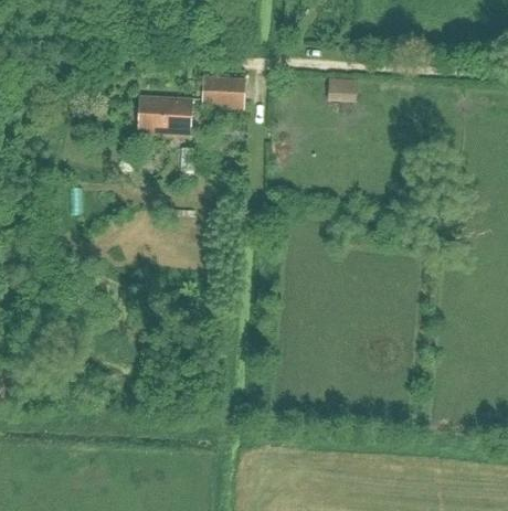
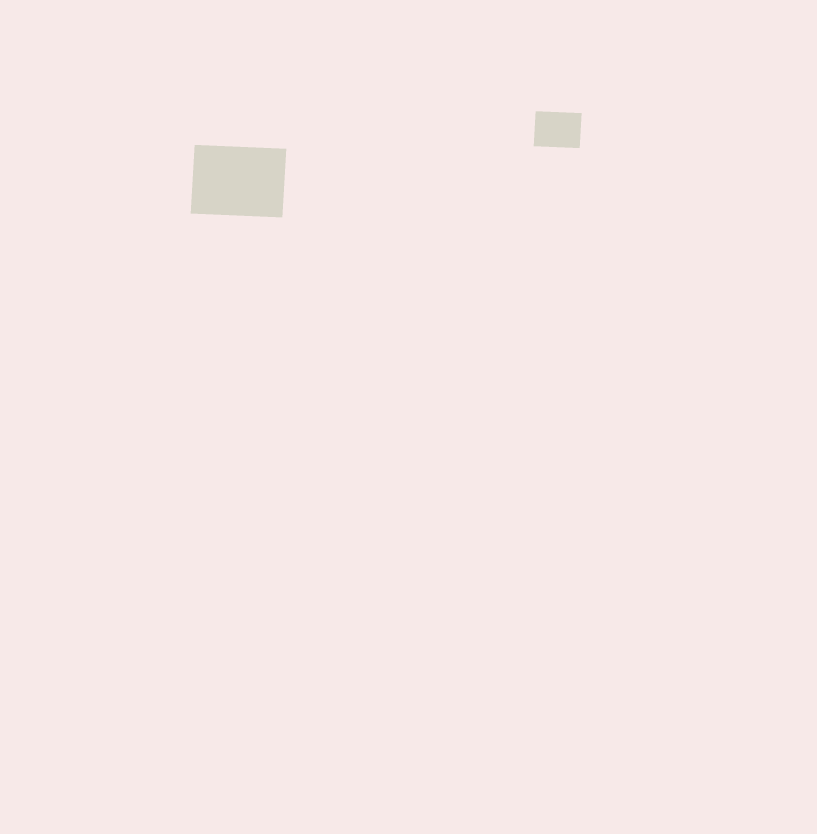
building: [200,73,243,107] -> none

